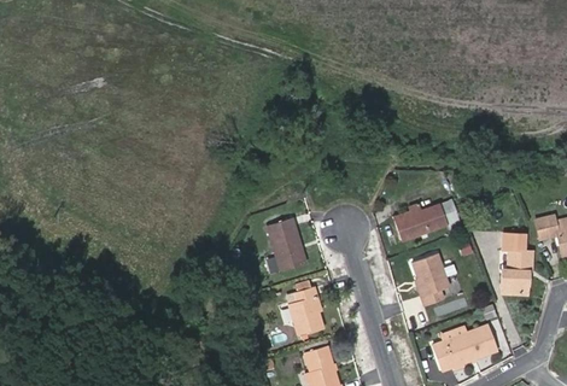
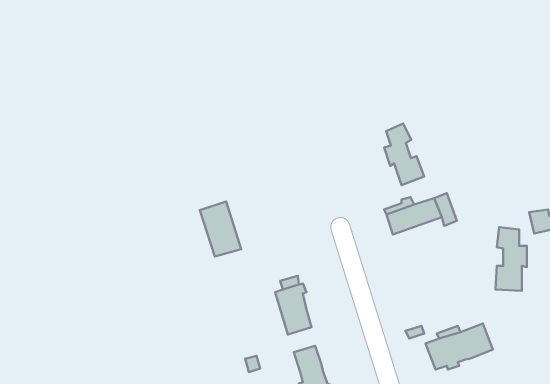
building: none -> [384,123,424,185]
building: [268,218,308,271] -> [200,201,241,257]
building: [414,255,457,306] -> none

